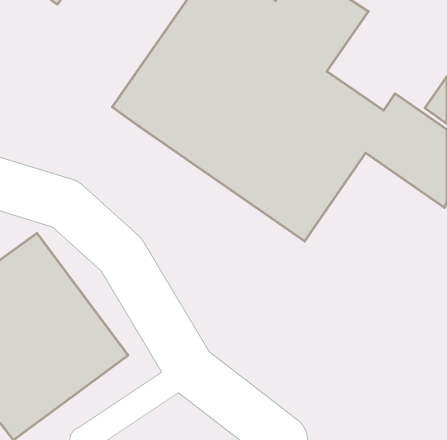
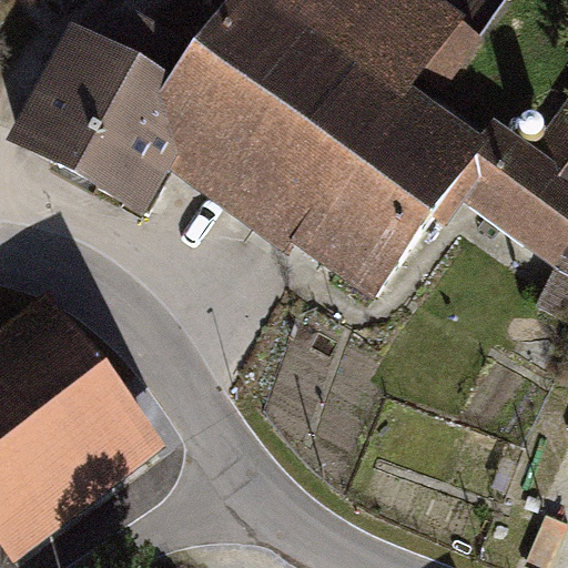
building: none -> [11,28,176,216]

